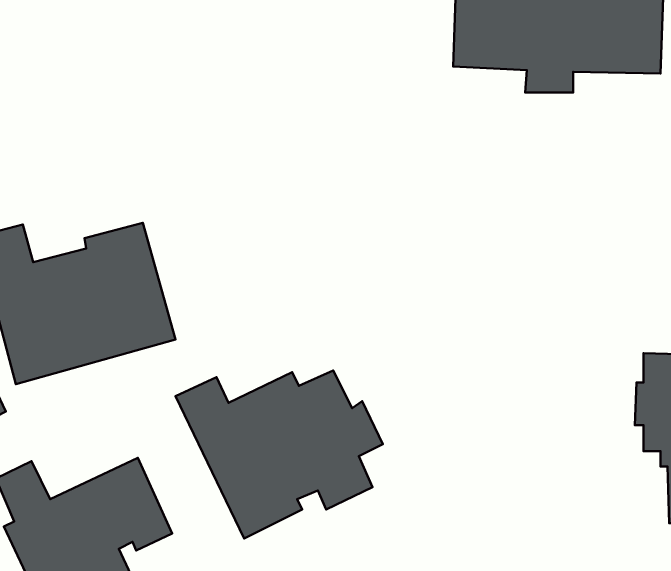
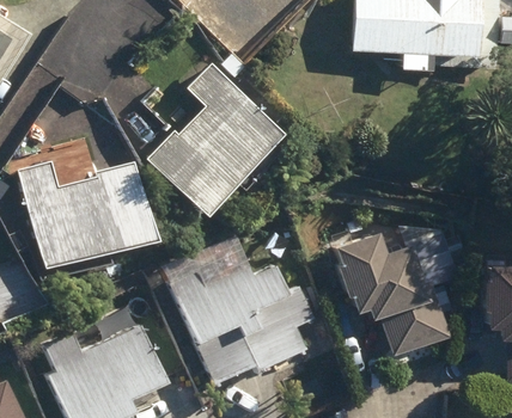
building: none -> [148,61,288,217]
building: none -> [333,221,444,339]

